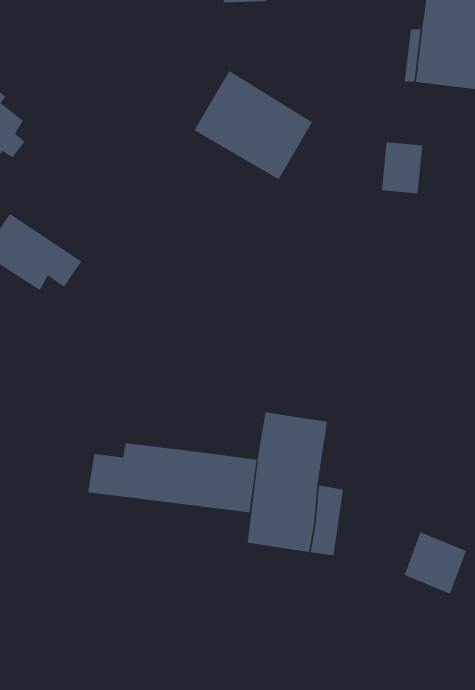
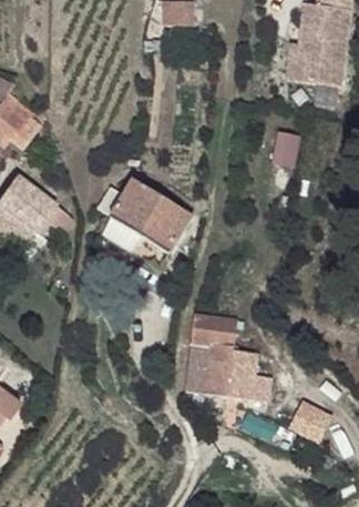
building: [193,70,313,180] -> [110,175,192,251]
building: [88,442,257,513] -> none

